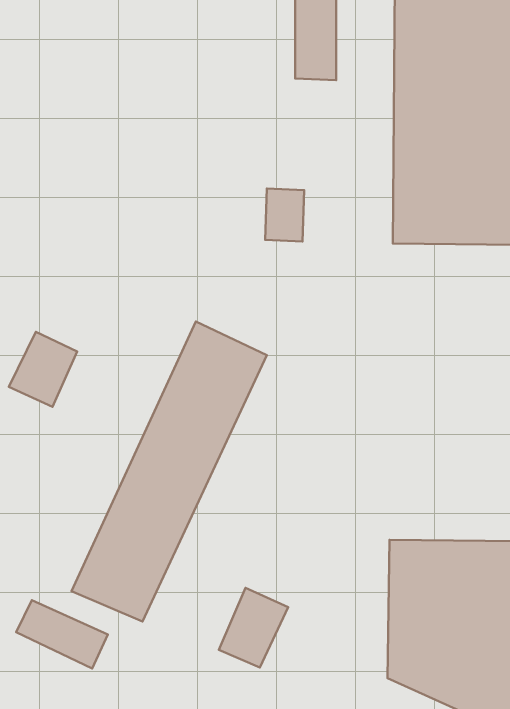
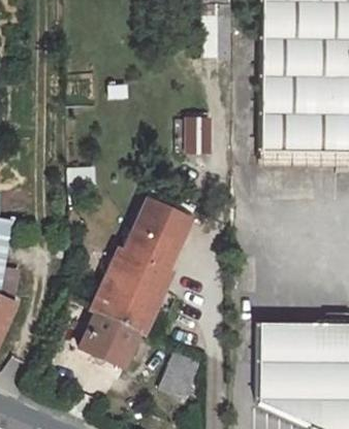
building: [9,332,77,407] -> none
building: [16,600,108,668] -> none

